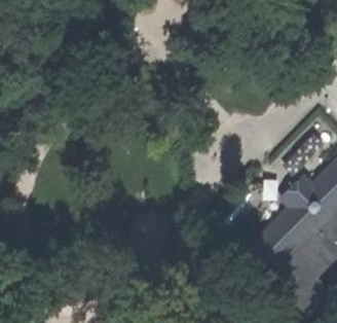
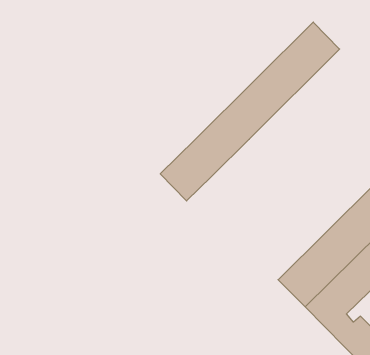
building: none -> [160,22,340,201]

